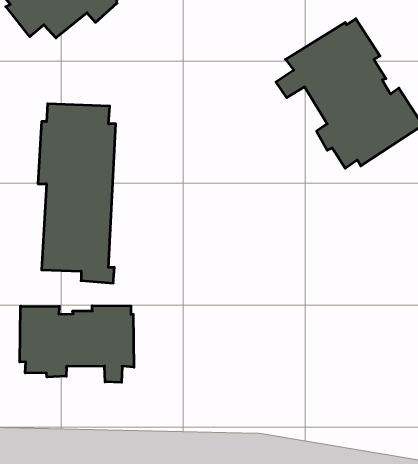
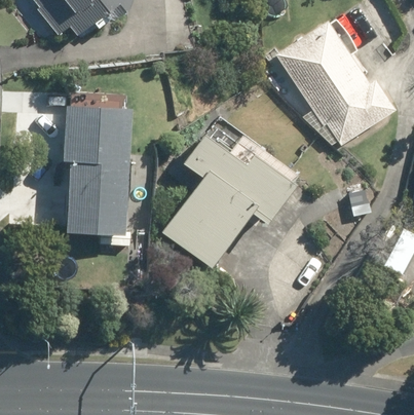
building: none -> [162,116,298,269]
building: [20,306,134,382] -> none

